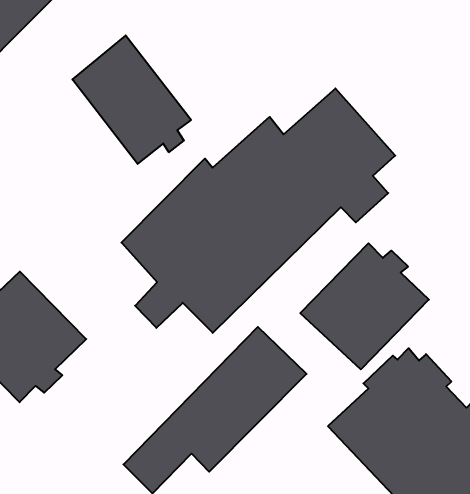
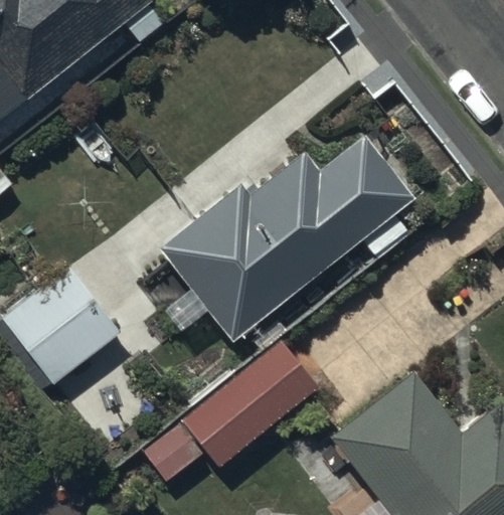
building: [72,35,191,164] -> none
building: [300,243,429,369] -> none

